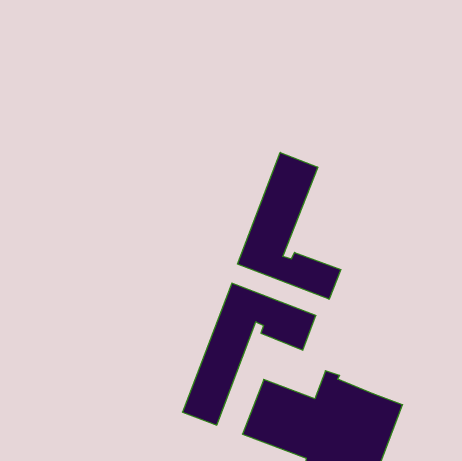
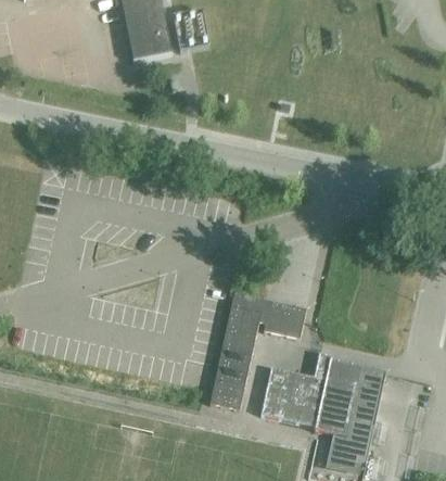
building: [237,152,341,299] -> none

